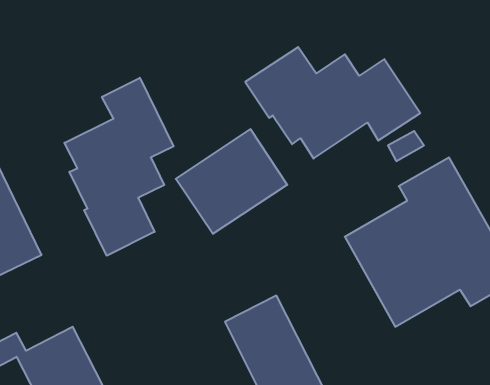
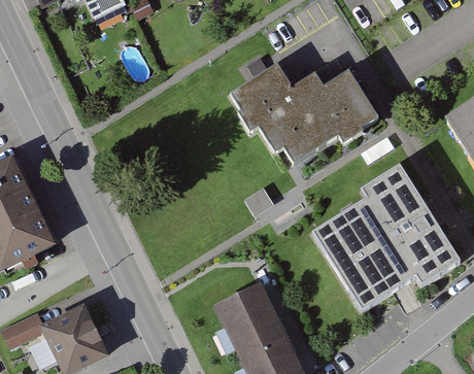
building: [64,78,174,256] -> none
building: [176,129,287,234] -> none

